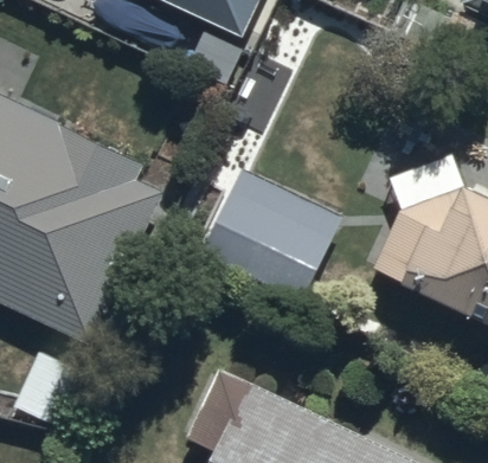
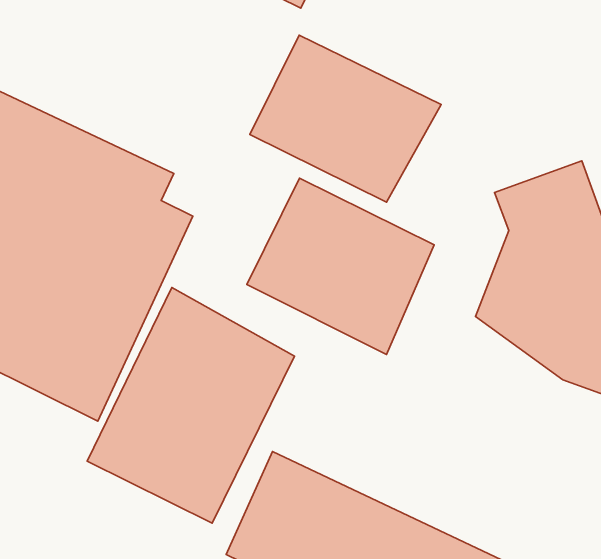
building: none -> [250,35,441,202]
building: none -> [87,288,294,523]

